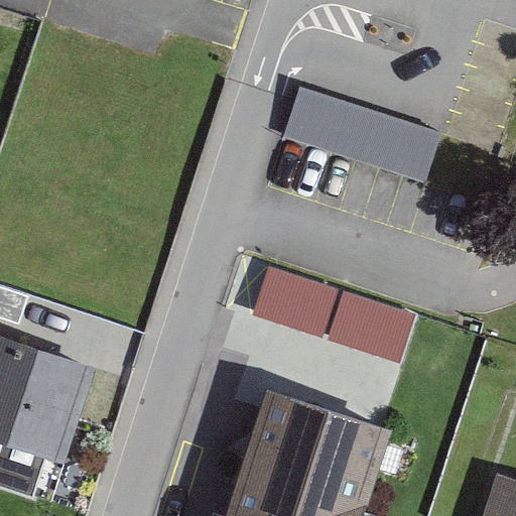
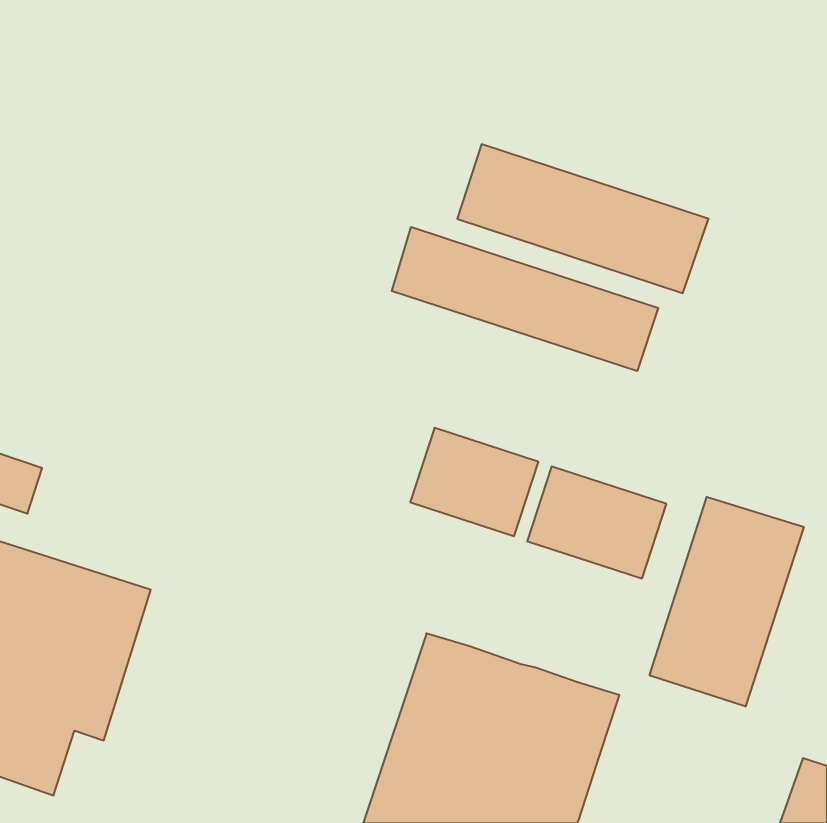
building: none -> [392,227,658,371]
building: none -> [650,497,804,707]

